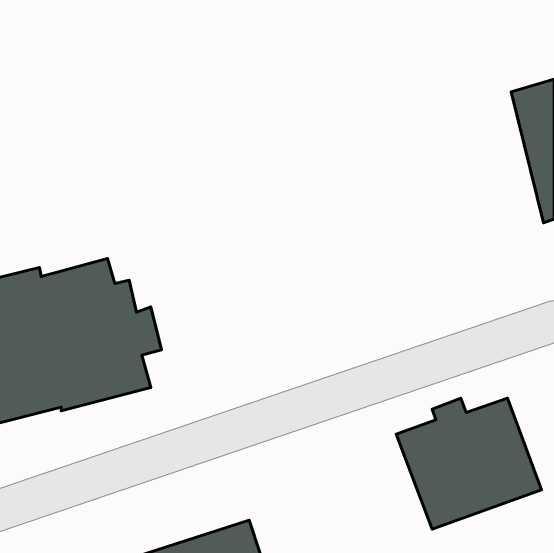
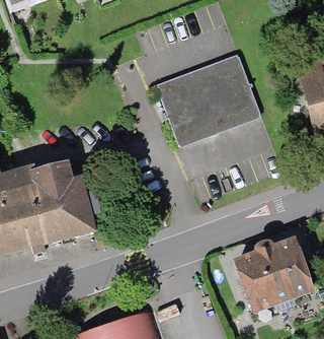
building: none -> [155,53,261,148]

